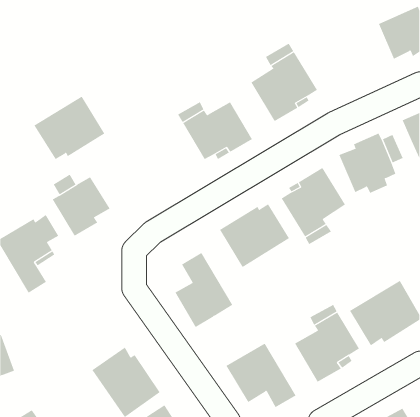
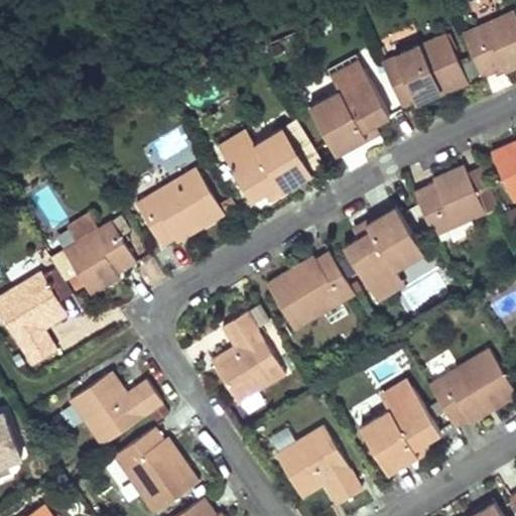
building: none -> [380,32,469,107]
building: [34,96,105,160] -> [136,167,224,246]
building: none -> [62,379,152,452]

